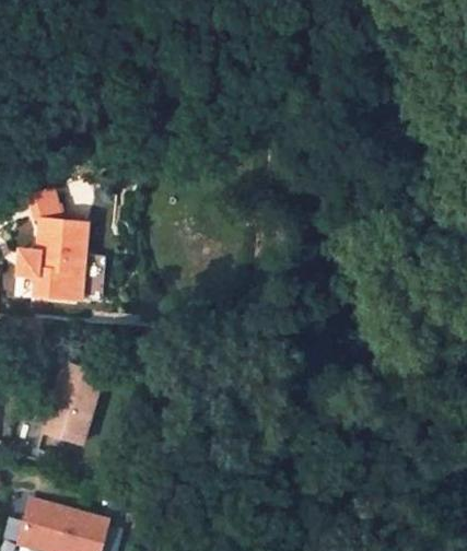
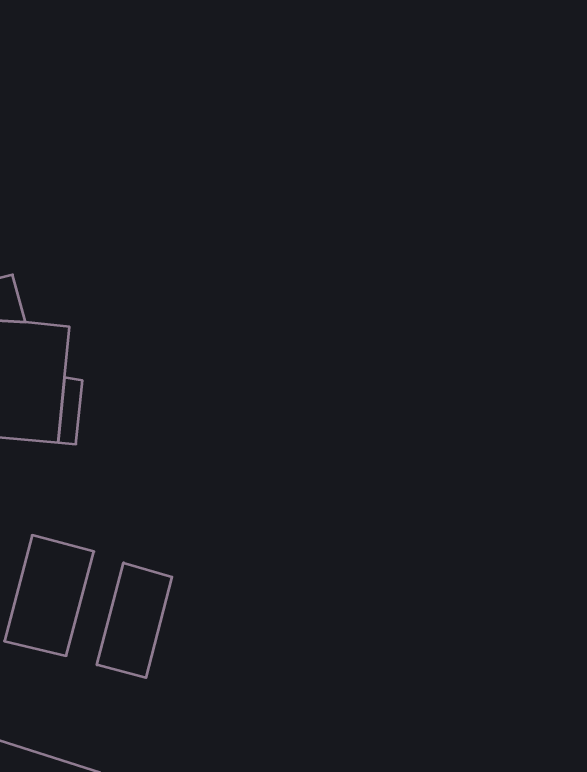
building: none -> [97,563,172,678]

